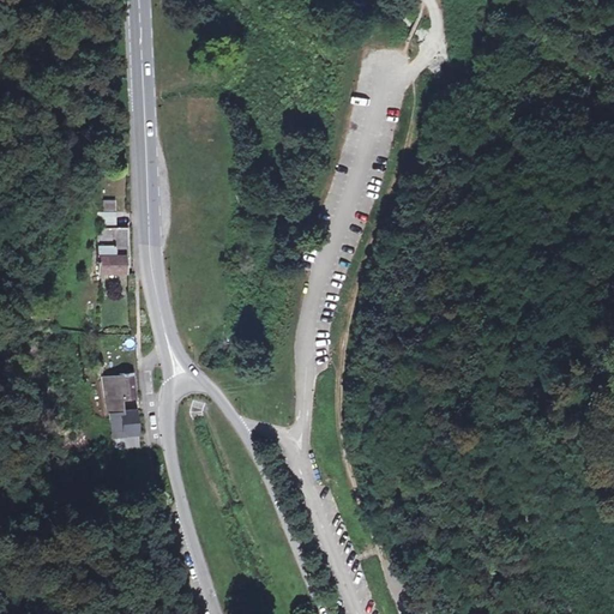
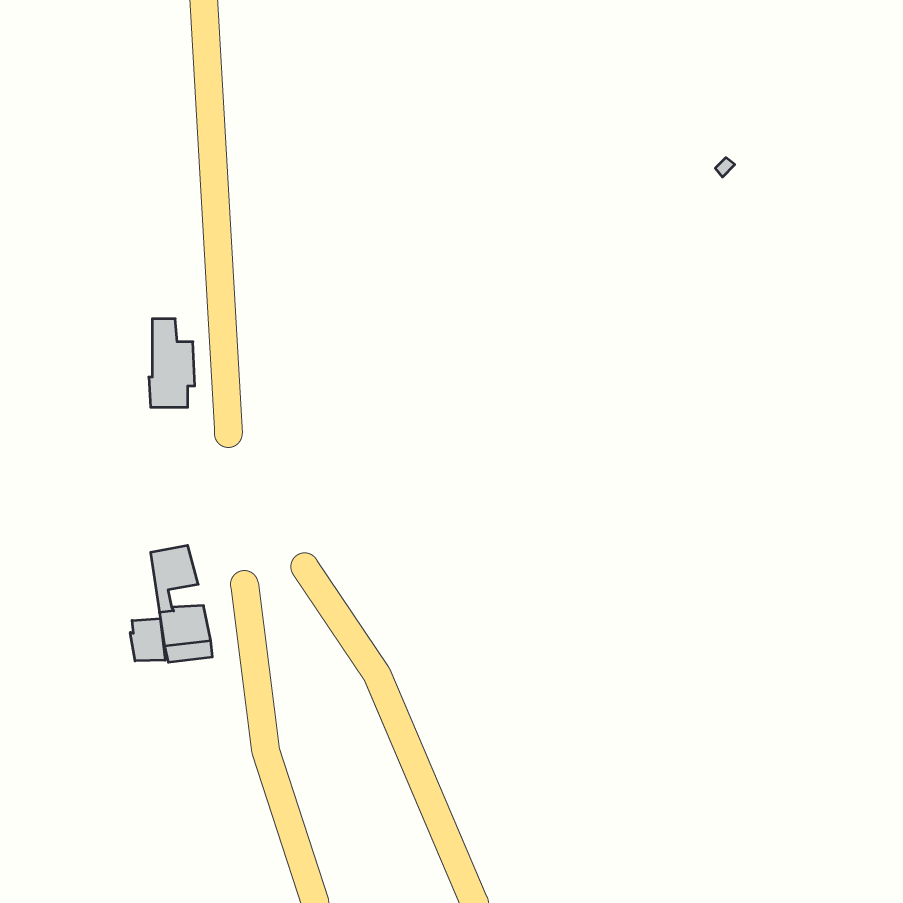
building: none -> [130,619,165,661]

